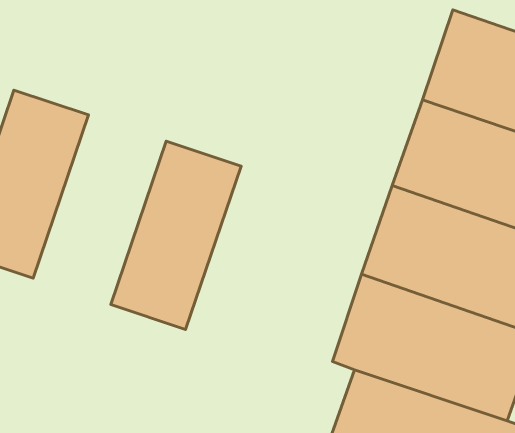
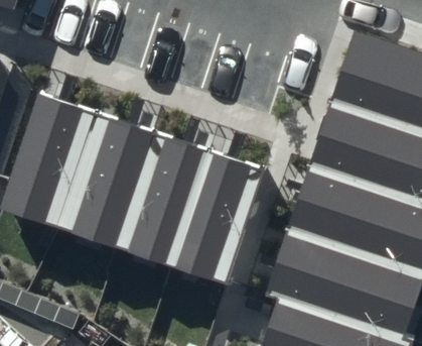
building: none -> [55,112,152,250]
building: none -> [166,149,263,287]

